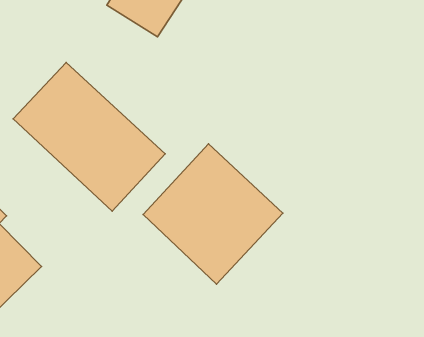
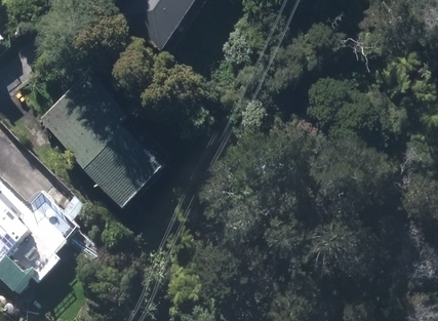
building: [143,144,283,284] -> none

